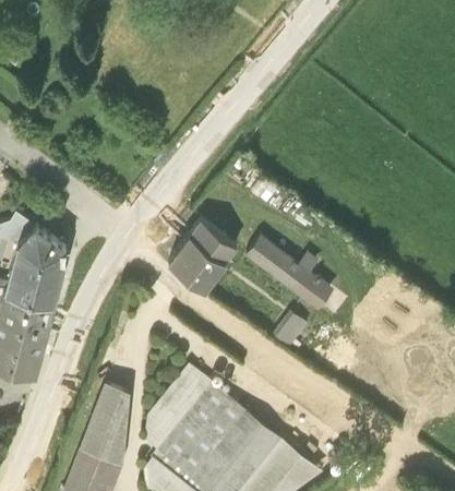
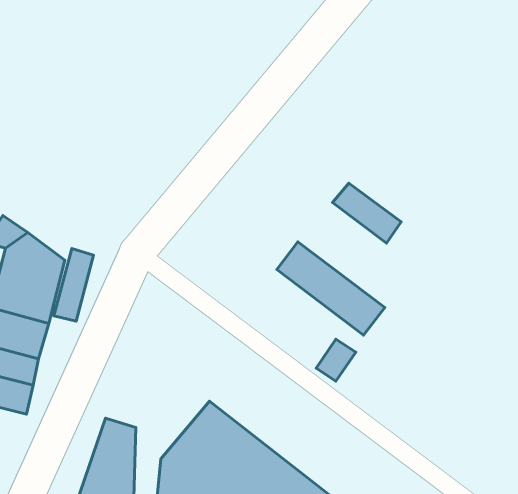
building: none -> [333,183,401,243]
building: [165,215,239,289] -> none
building: none -> [54,249,94,321]

